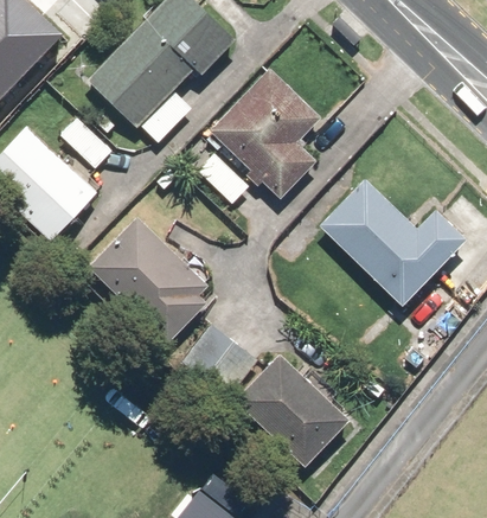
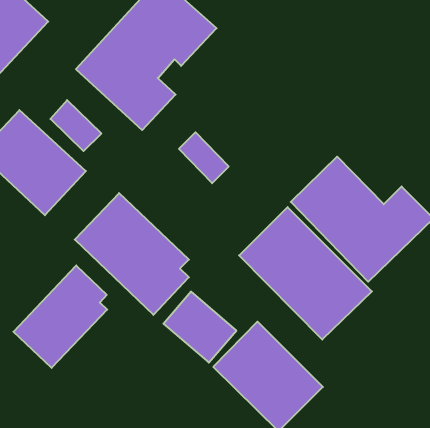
building: [211,66,322,199] -> none
building: none -> [239,207,372,340]
building: none -> [13,265,107,368]

